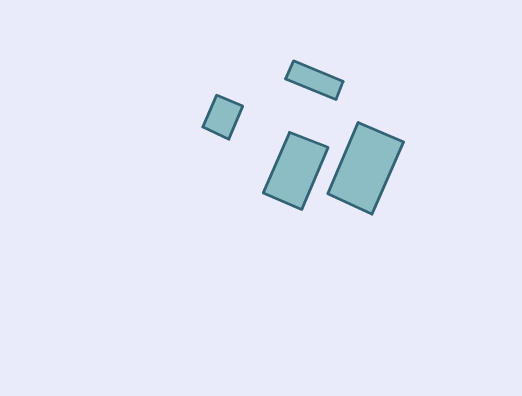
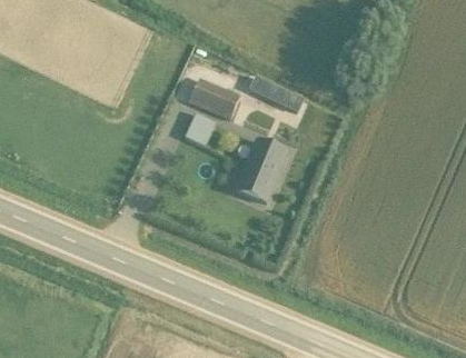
building: none -> [188,77,239,117]
building: [328,122,404,214] -> none

